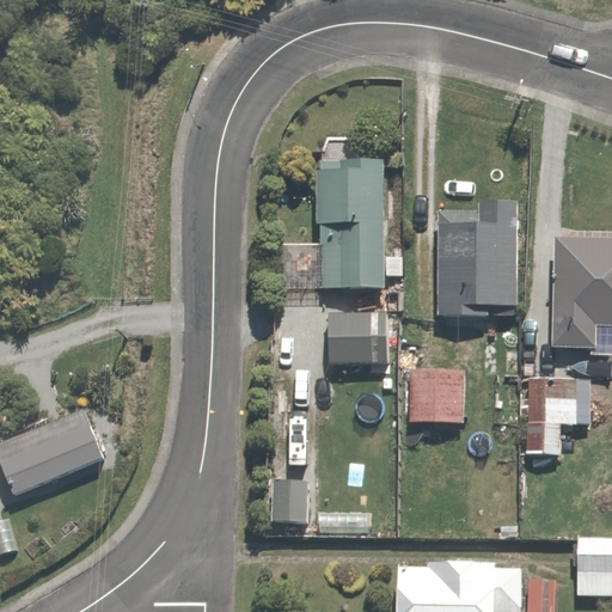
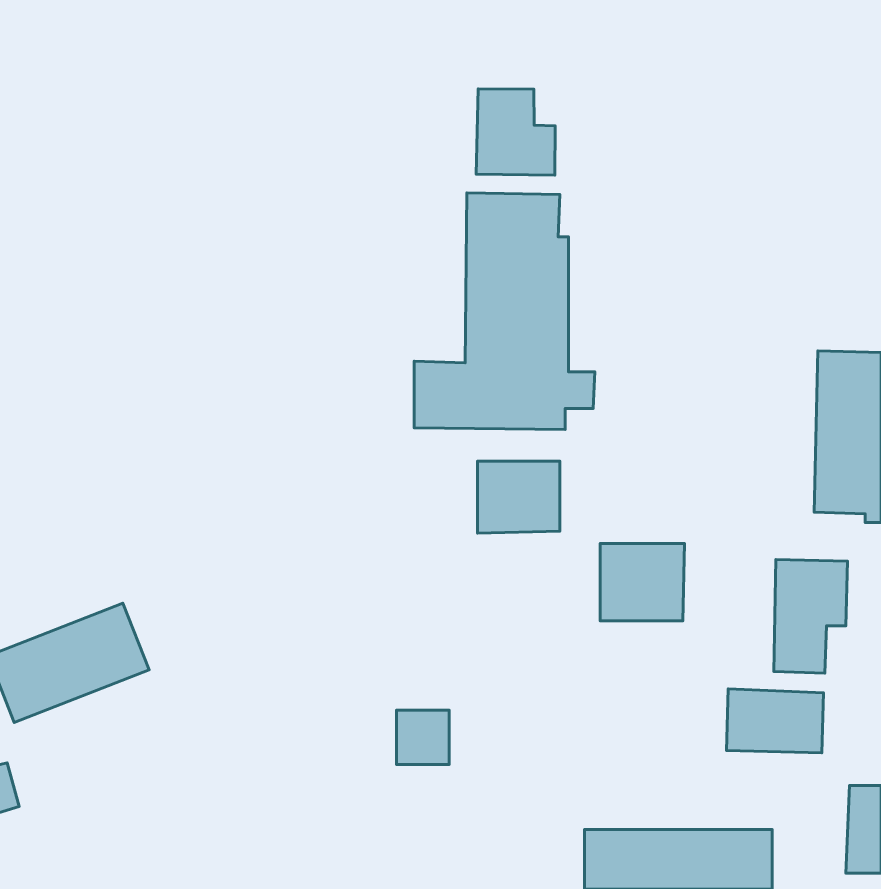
building: none -> [476,89,555,175]
building: [439,202,524,319] -> none
building: none -> [727,689,823,753]

